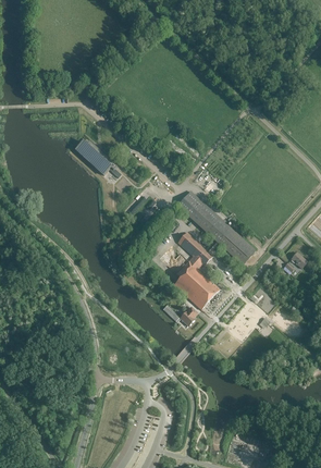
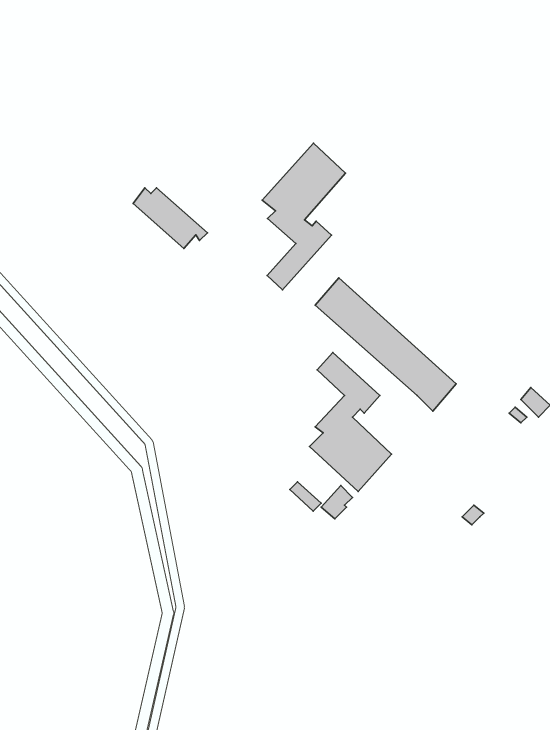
building: none -> [262,143,345,290]

